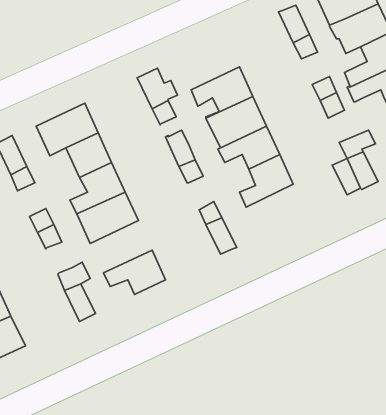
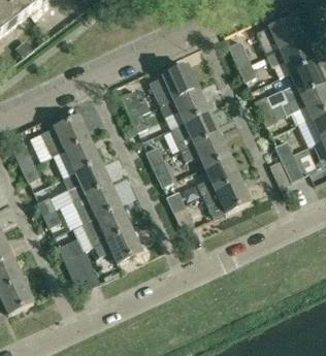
building: none -> [151,64,197,104]
building: none -> [202,176,250,211]
building: none -> [83,204,130,245]

